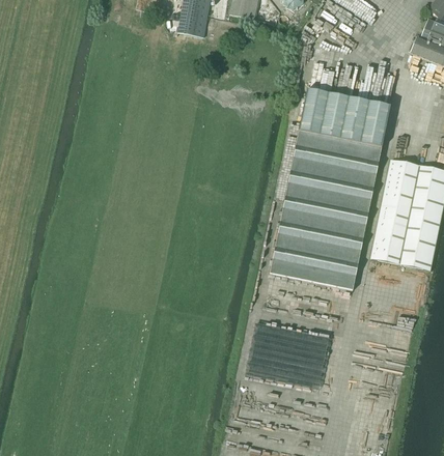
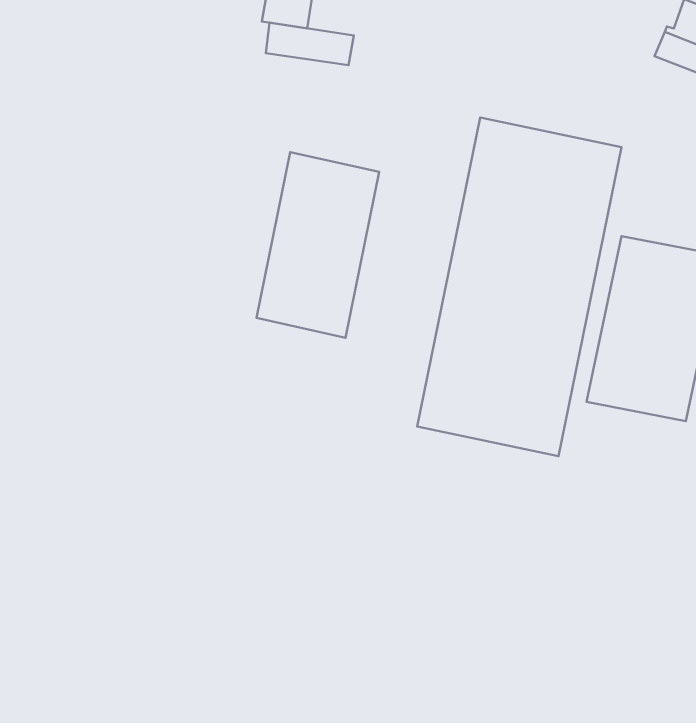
building: none -> [266,23,354,65]
building: none -> [256,152,379,338]

